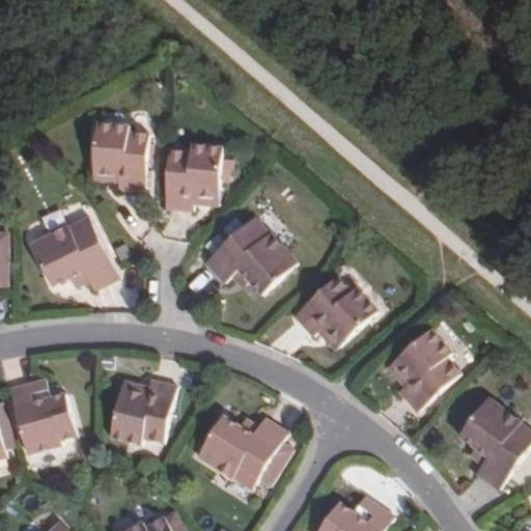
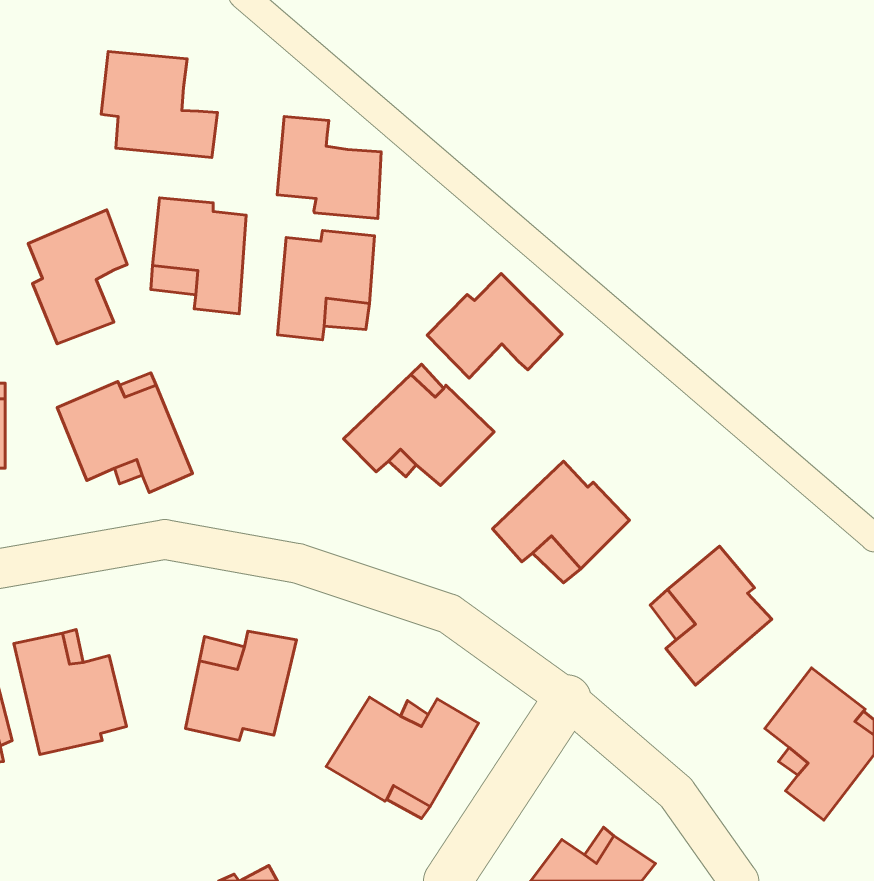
building: none -> [101,52,217,158]
building: none -> [277,116,381,218]
building: none -> [28,210,127,344]
building: none -> [427,273,562,378]

